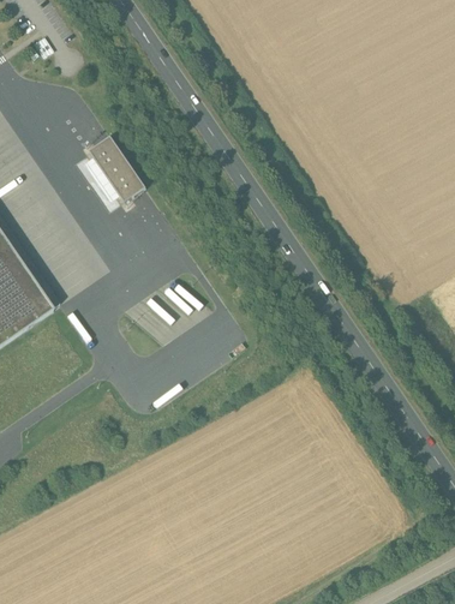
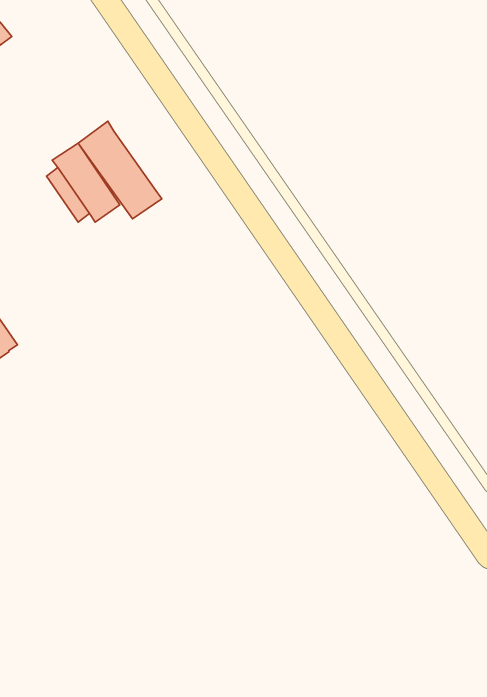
building: none -> [78,121,162,219]

